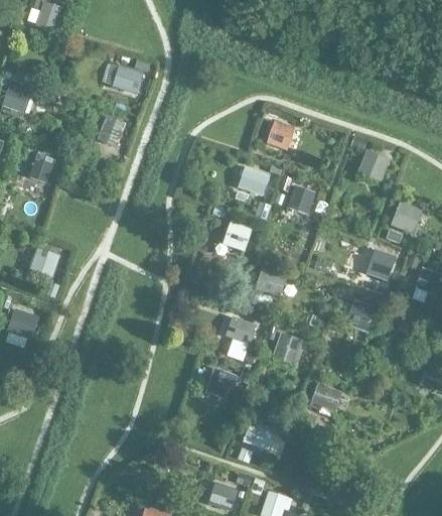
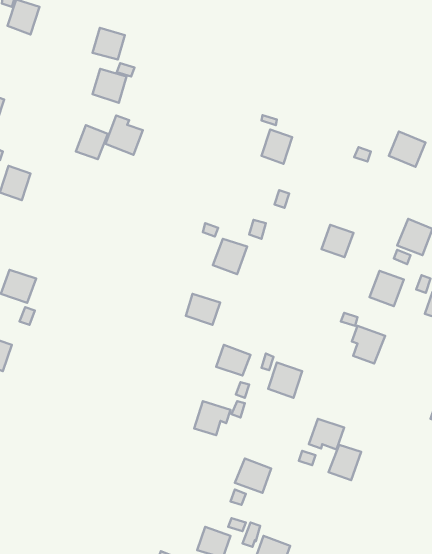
building: none -> [92,28,125,59]
building: none -> [106,115,143,155]
building: [356,149,390,181] -> [389,131,425,167]
building: [238,166,269,195] -> none
building: [286,184,315,214] -> [321,225,353,257]
building: [255,268,286,296] -> [186,294,220,325]
building: none -> [329,445,361,480]

